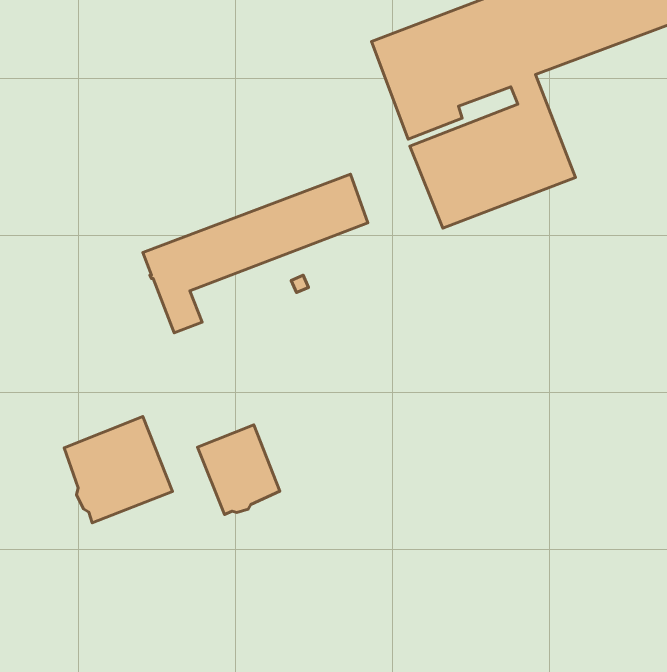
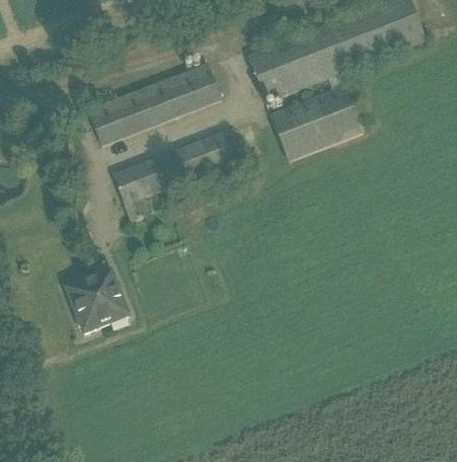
building: none -> [87,62,222,145]
building: [198,425,280,515] -> none

